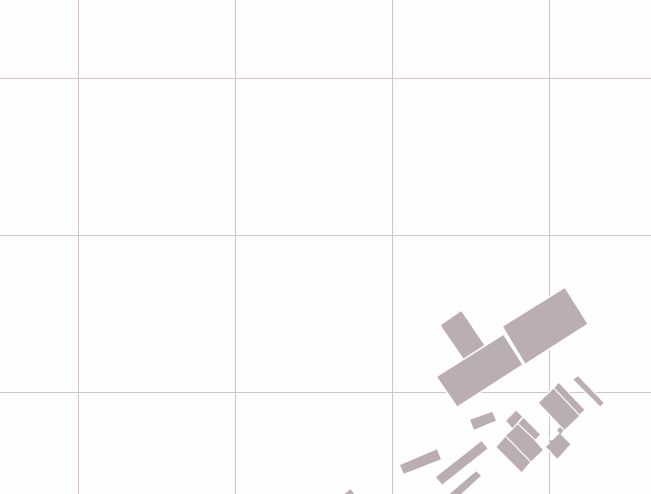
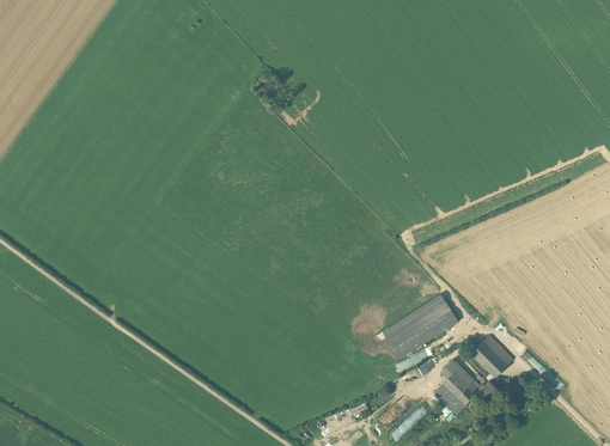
building: [502,287,588,365] -> none
building: [440,309,485,360] -> none

